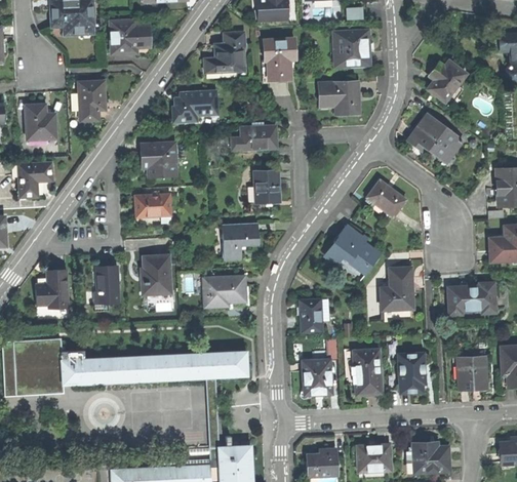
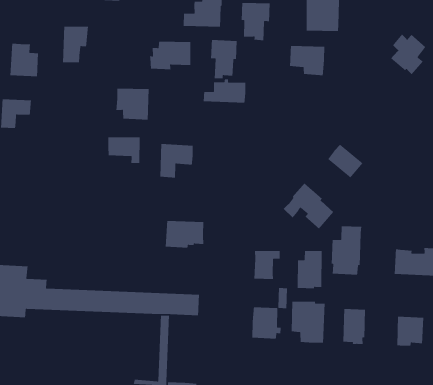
building: none -> [210,39,237,79]
building: [406,112,461,160] -> none
building: [255,170,281,203] -> none
building: [223,224,258,260] -> [160,143,193,179]
building: [144,254,171,292] -> none
building: [96,265,119,303] -> none
building: [36,266,69,305] -> none
building: none -> [297,250,322,289]

